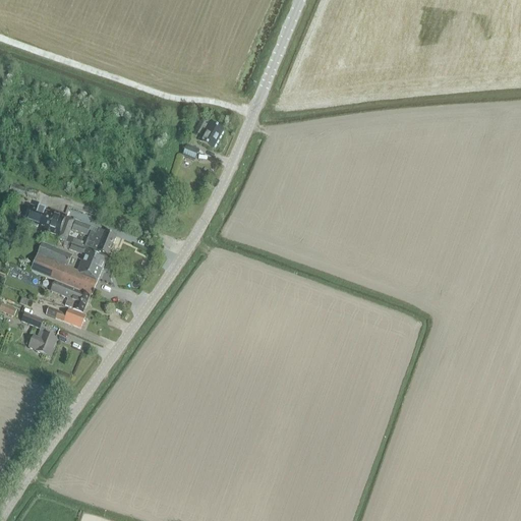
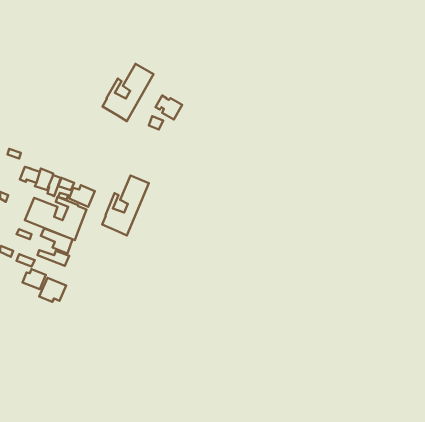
building: none -> [102,64,154,121]
building: none -> [102,176,149,236]
building: none -> [39,278,66,302]

